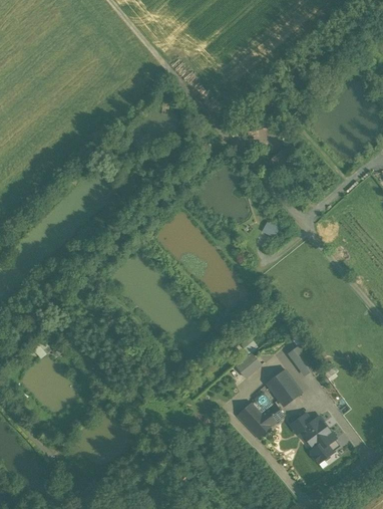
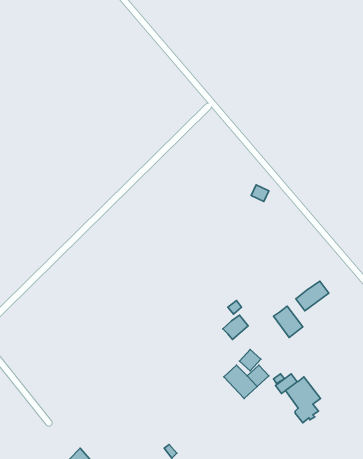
building: none -> [296,281,329,311]
building: [267,369,302,406] -> none

